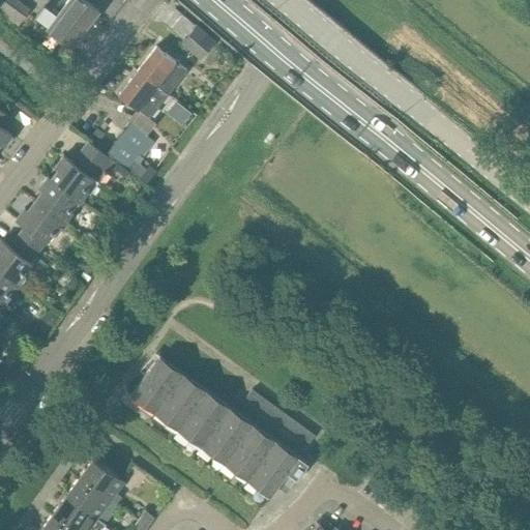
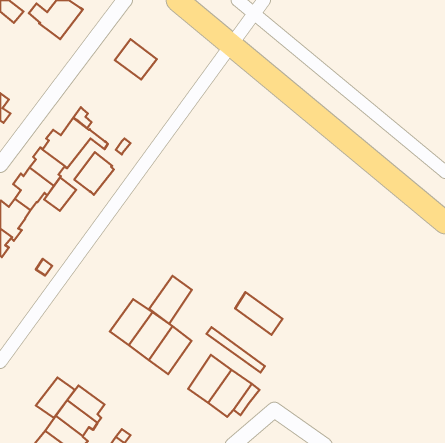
building: [182,27,215,59] -> none
building: [118,75,168,121] -> none
building: [107,124,153,175] -> [75,152,114,195]
building: none -> [44,178,76,211]
building: none -> [235,292,282,335]
building: [200,408,251,465] -> [149,276,192,324]
building: none -> [36,377,75,418]

